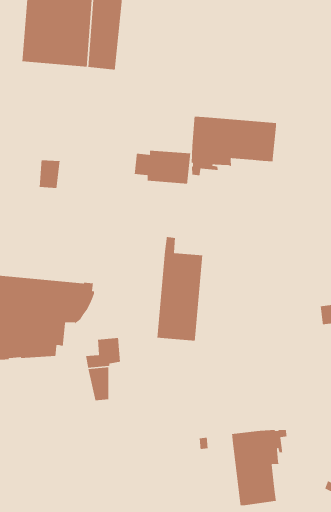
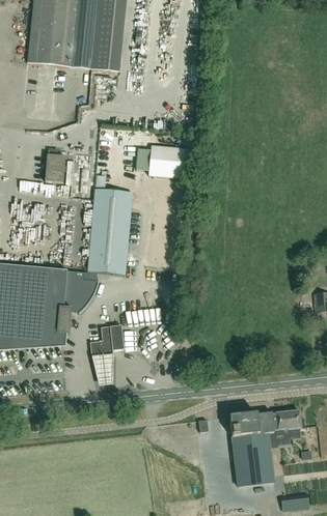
building: [191,116,277,176] -> none
building: [157,236,203,341] -> [87,174,132,275]
building: none -> [277,410,304,435]

